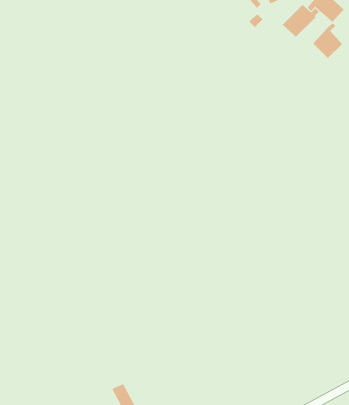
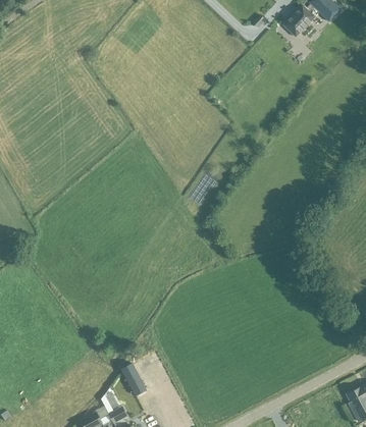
building: [312,23,343,59] -> none

